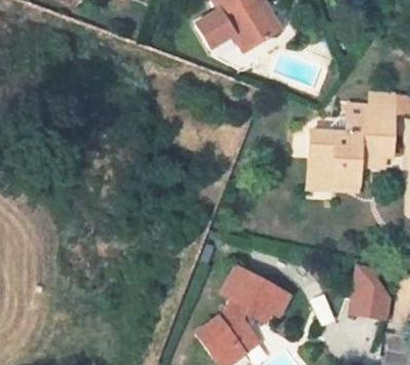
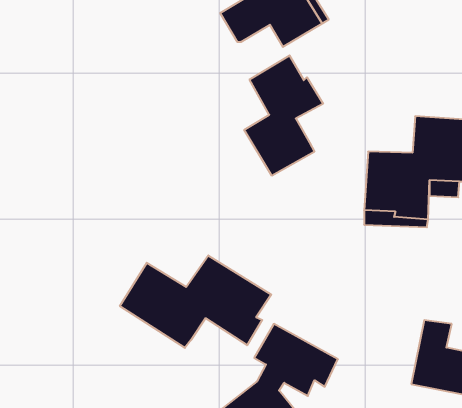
building: none -> [244,55,323,176]
building: none -> [120,255,271,348]

